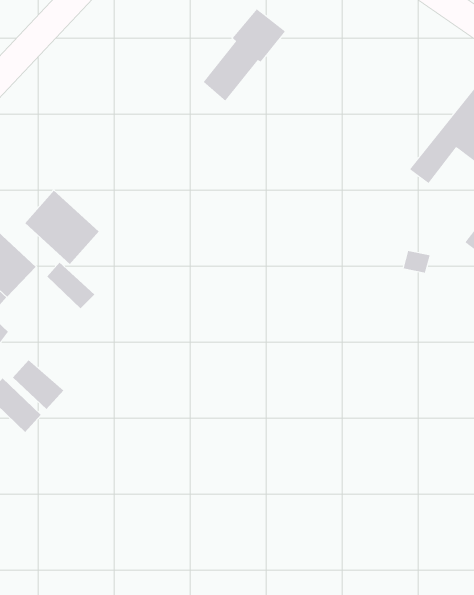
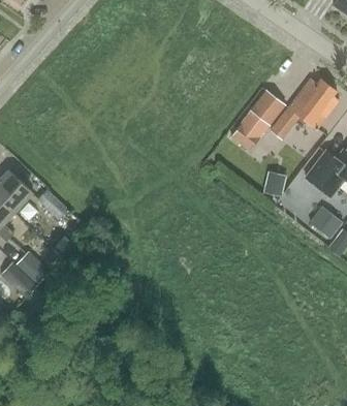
building: [203,9,286,101] -> [232,91,285,150]
building: [24,190,99,265] -> none

